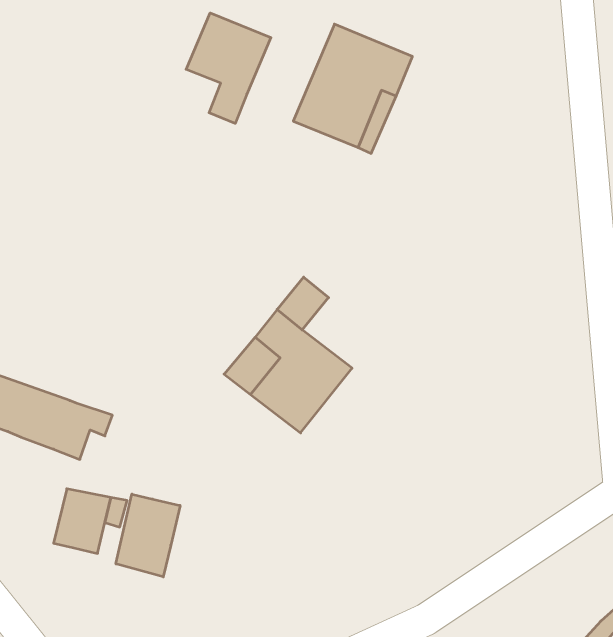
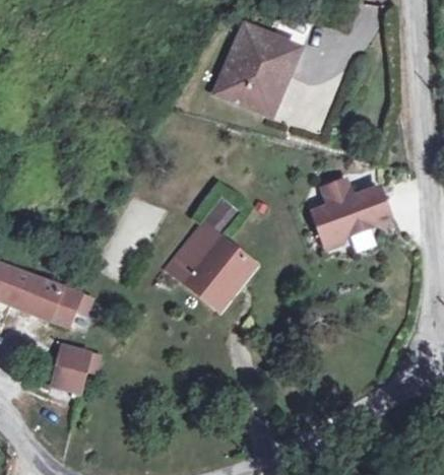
building: [186,13,271,123] -> none
building: none -> [314,177,389,245]
building: [116,494,180,577] -> none

